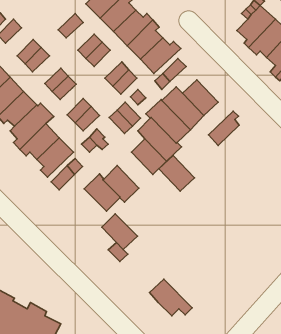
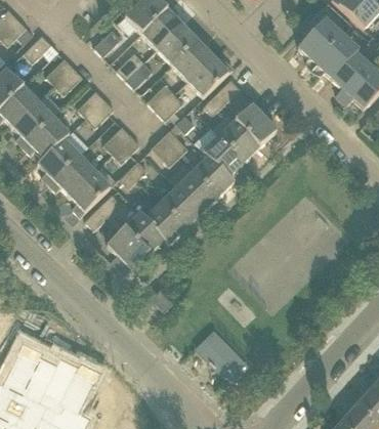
building: [208,111,239,145] -> none
building: [159,155,194,191] -> [160,186,201,227]
building: [102,214,138,249] -> [107,228,148,269]

